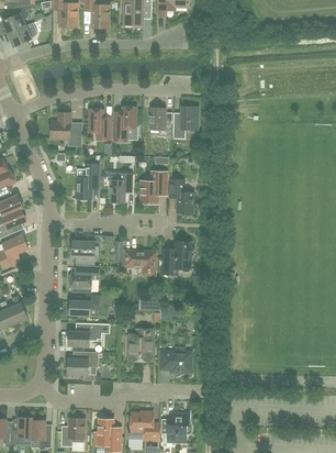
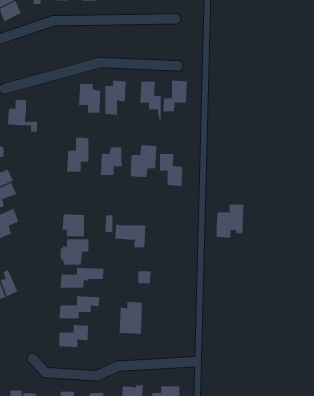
building: [51,112,81,145] -> [7,99,38,132]
building: [163,241,191,275] -> [216,204,244,238]
building: [160,347,192,373] -> none

